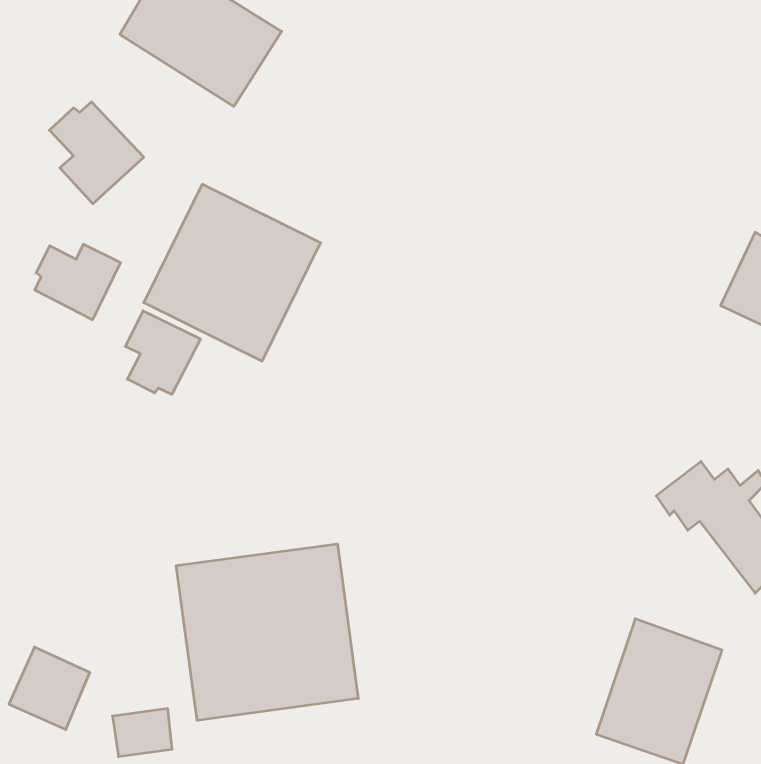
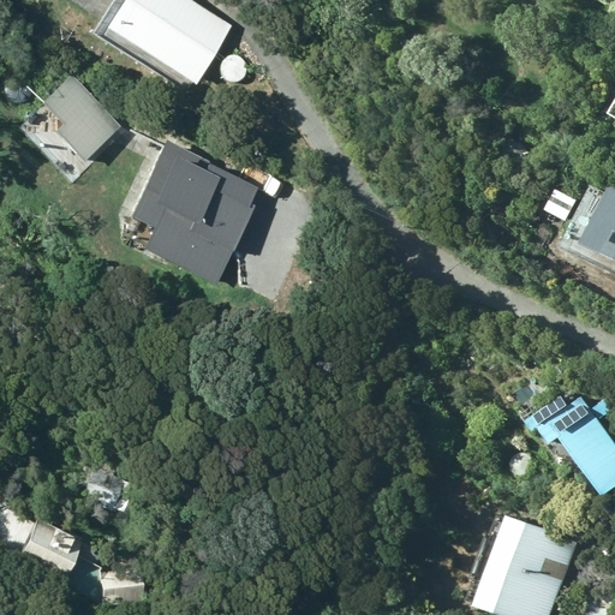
building: [35,244,120,320] -> none
building: [125,311,200,394] -> none
building: [176,544,358,720] -> none

